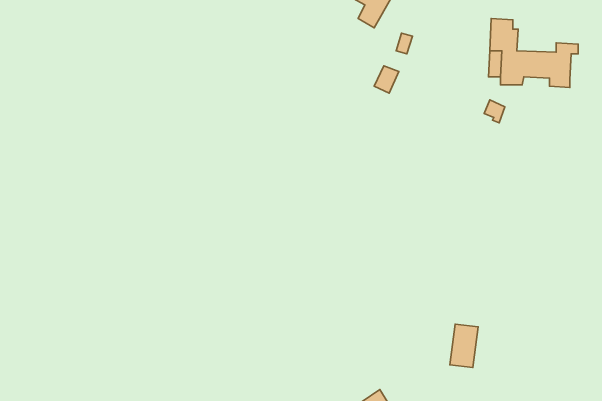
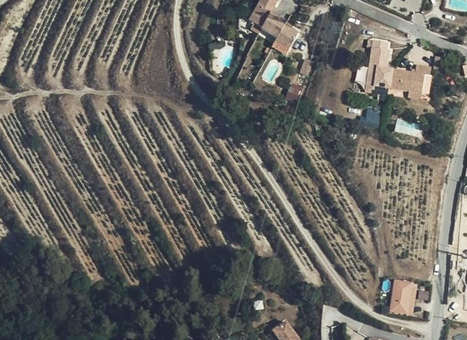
building: [450,324,478,368] -> [391,280,412,312]

